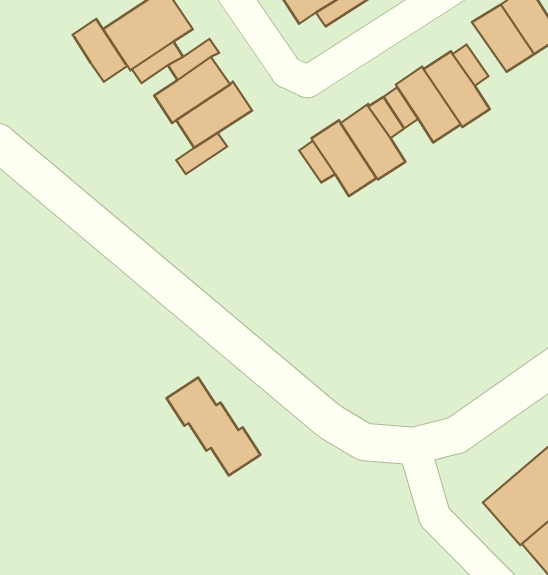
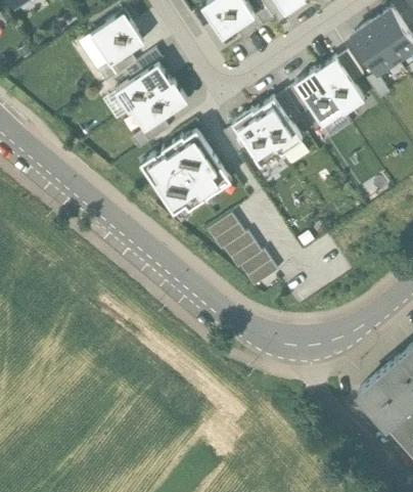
building: [72,19,127,82] -> none
building: none -> [141,128,232,211]
building: [167,378,260,476] -> [209,214,278,286]

